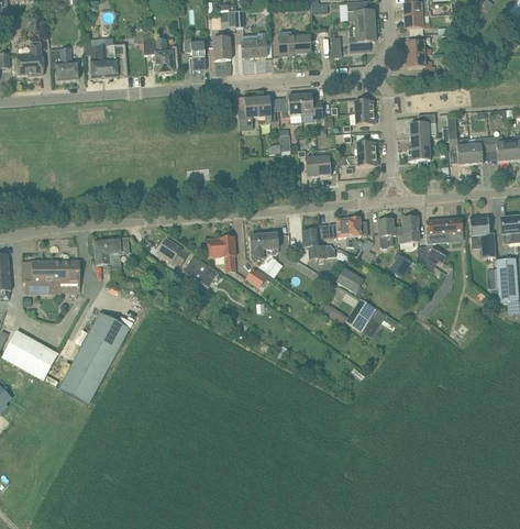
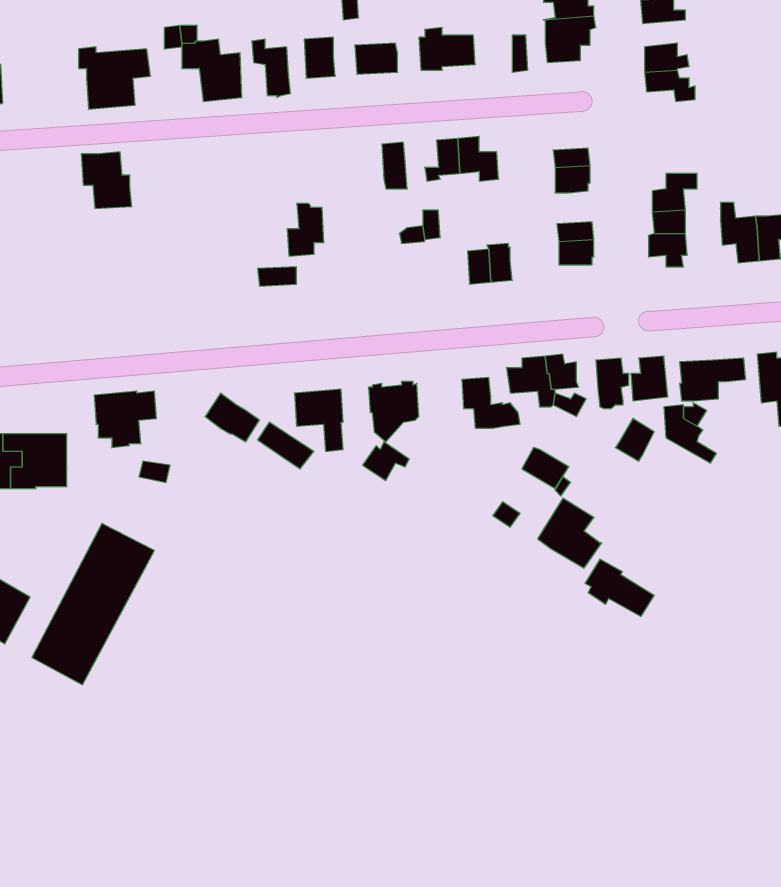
building: [49,47,78,79] -> [81,152,132,208]
building: [237,95,258,124] -> [287,204,324,256]
building: none -> [585,559,654,616]

